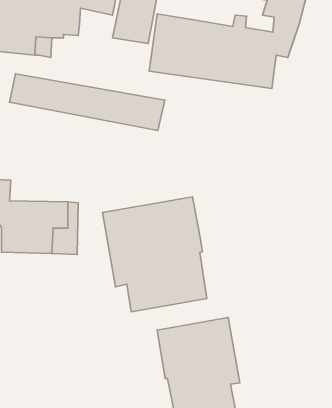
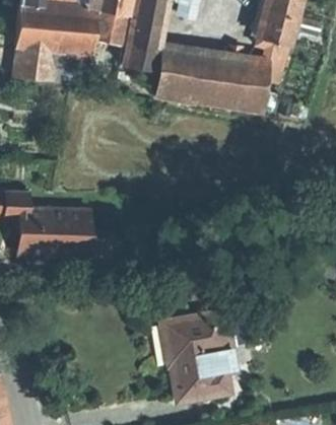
building: [10,74,165,130] -> none
building: [102,197,207,312] -> none

